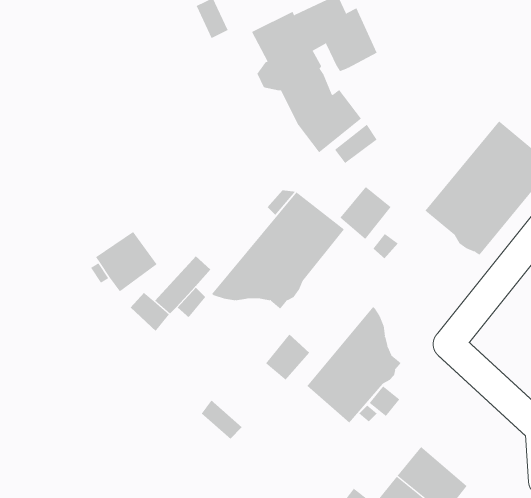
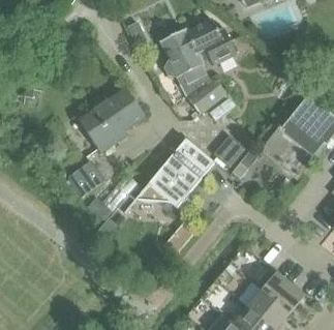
building: none -> [78,87,145,152]
building: [306,306,401,424] -> none
building: none -> [262,271,304,312]

